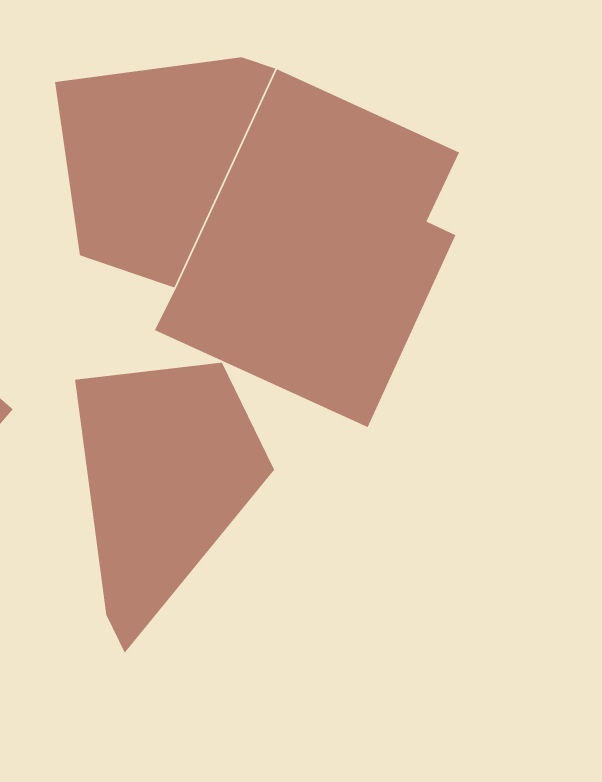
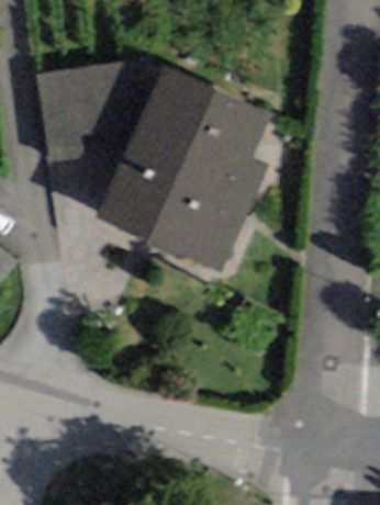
building: [74,362,275,654] -> none

